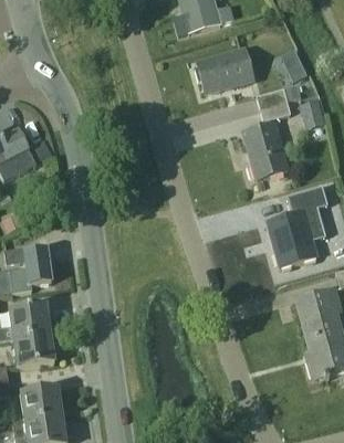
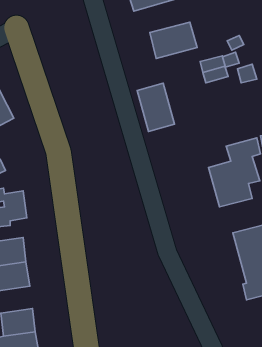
building: [241,123,285,180] -> [137,83,174,131]

